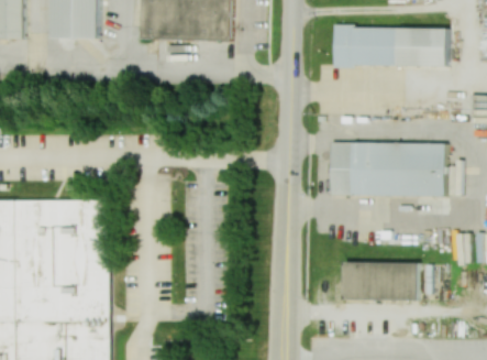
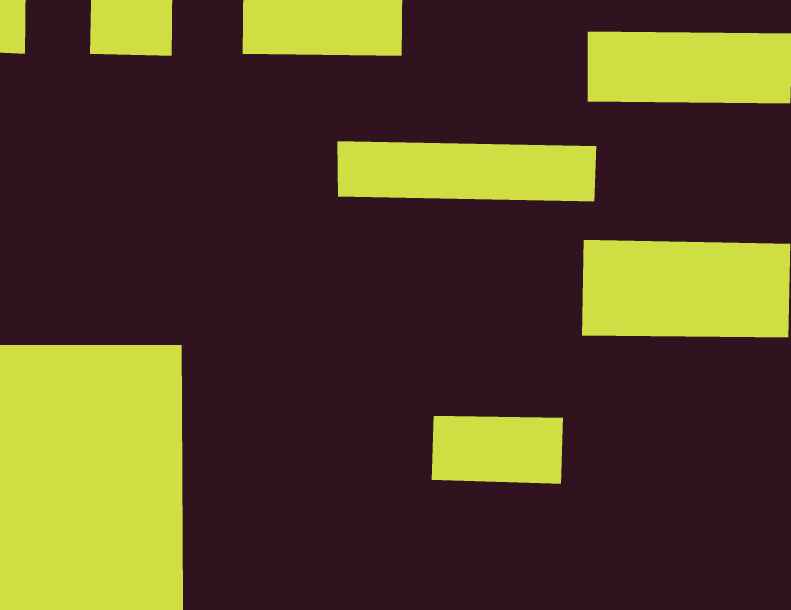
building: none -> [336,140,597,202]
building: [343,261,417,299] -> [431,415,564,485]

